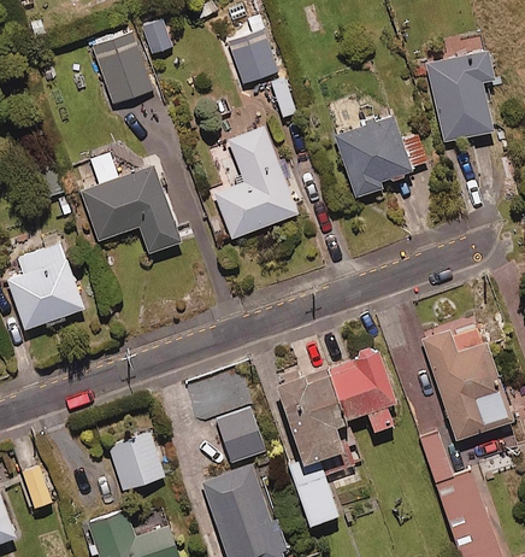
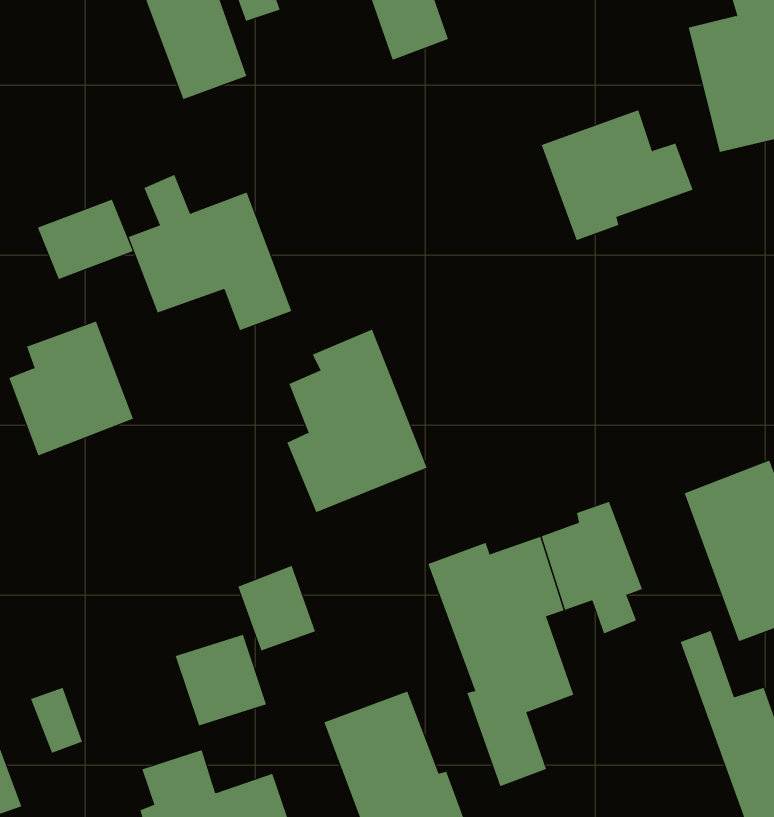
building: [212,125,299,239] -> [286,329,427,513]
building: none -> [37,199,134,280]
building: [217,410,265,463] -> [237,565,316,651]

